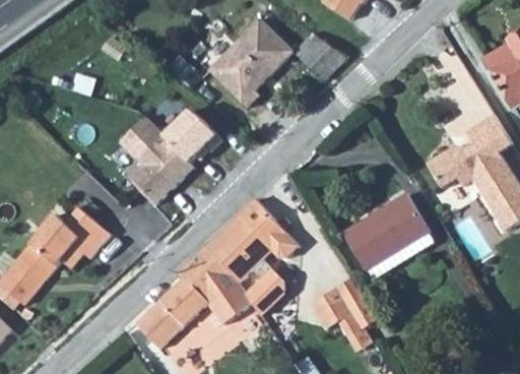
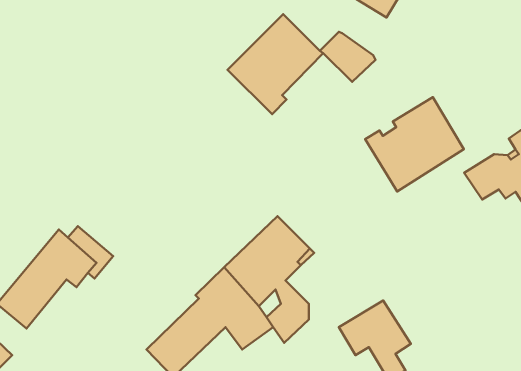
building: [121,115,221,209] -> none
building: [342,194,433,280] -> [365,97,464,191]

